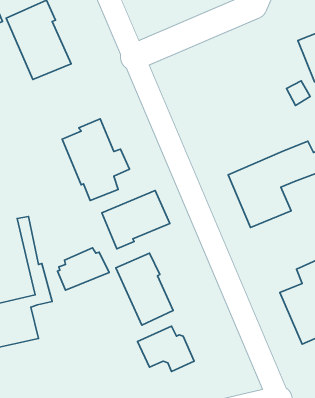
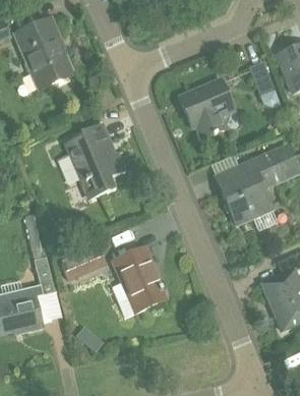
building: none -> [249,60,276,95]
building: none -> [179,77,235,137]
building: [102,190,170,249] -> none
building: [137,326,194,372] -> none

